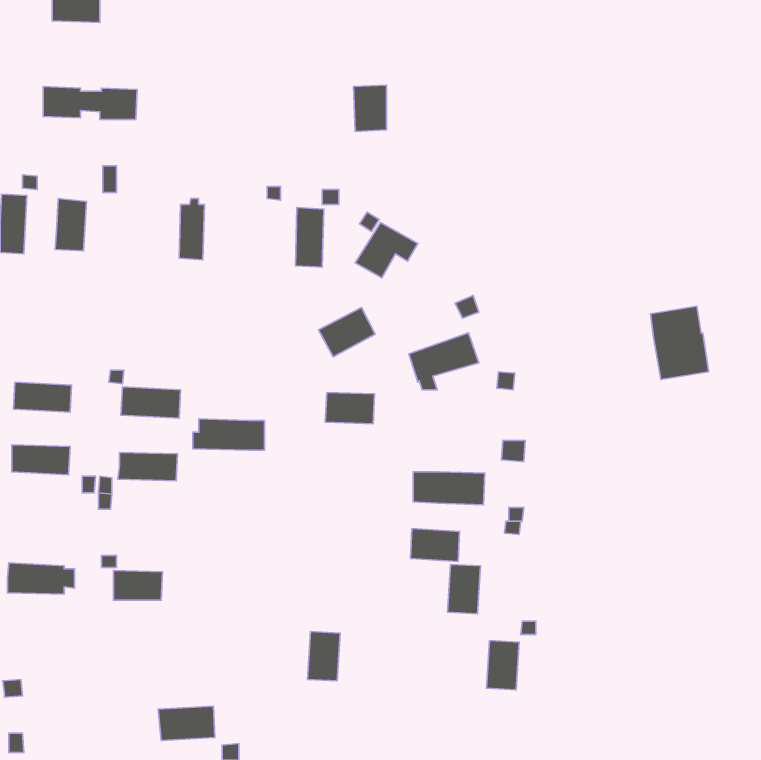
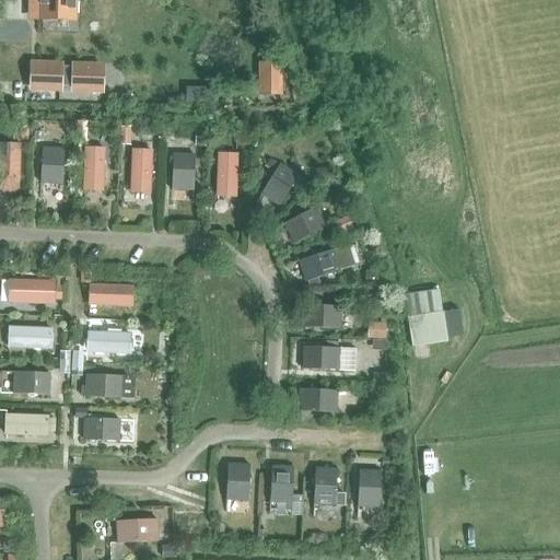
building: none -> [84,147,105,185]
building: none -> [173,152,196,190]
building: [650,306,709,379] -> [406,290,448,343]
building: [318,307,375,357] -> [284,206,326,242]
building: [325,392,375,424] -> [305,304,341,327]
building: [193,419,264,450] -> [82,373,135,396]
building: none -> [14,371,50,394]
building: [448,564,480,614] -> [314,467,338,503]
building: none -> [270,465,294,501]

